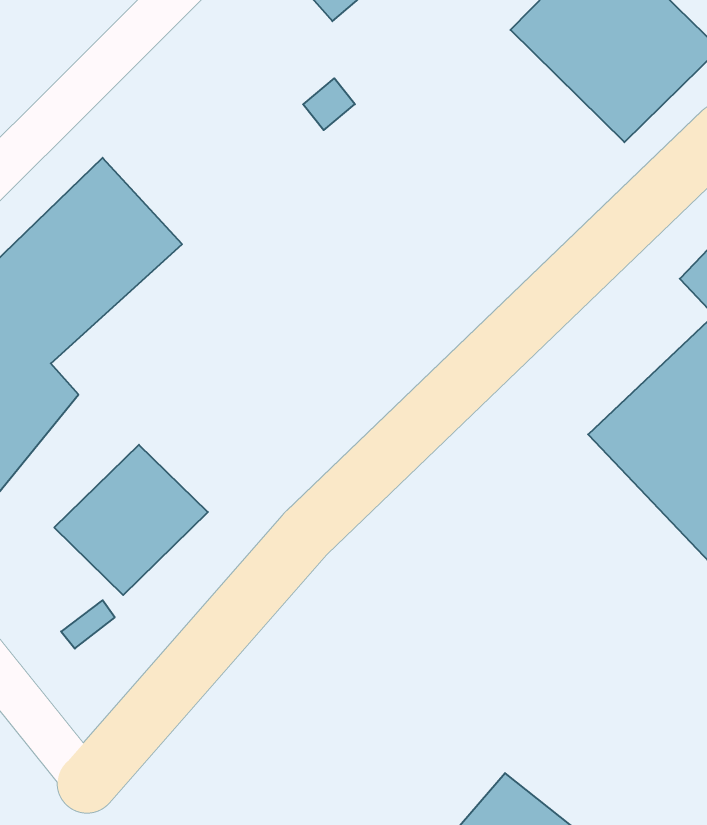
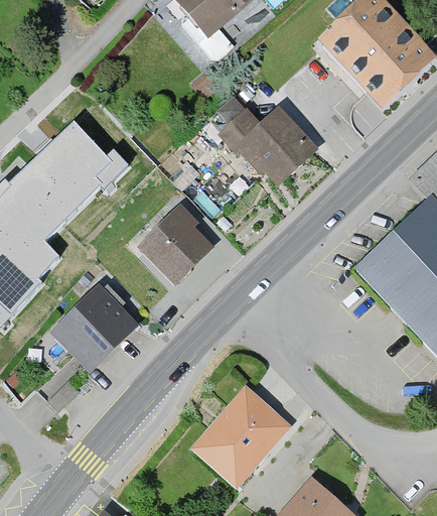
building: none -> [215,98,315,184]
building: none -> [137,204,212,285]
building: none -> [192,386,290,486]

